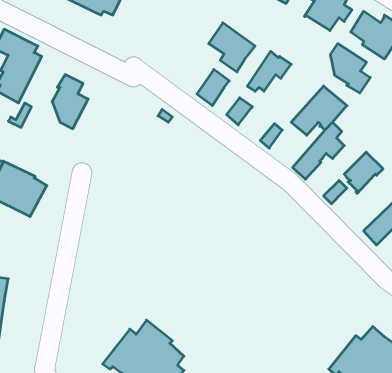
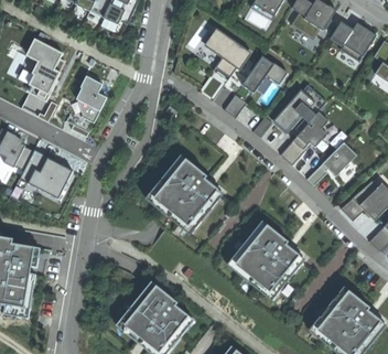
building: [330,44,370,93] -> none
building: none -> [148,159,222,228]
building: none -> [229,224,303,294]

